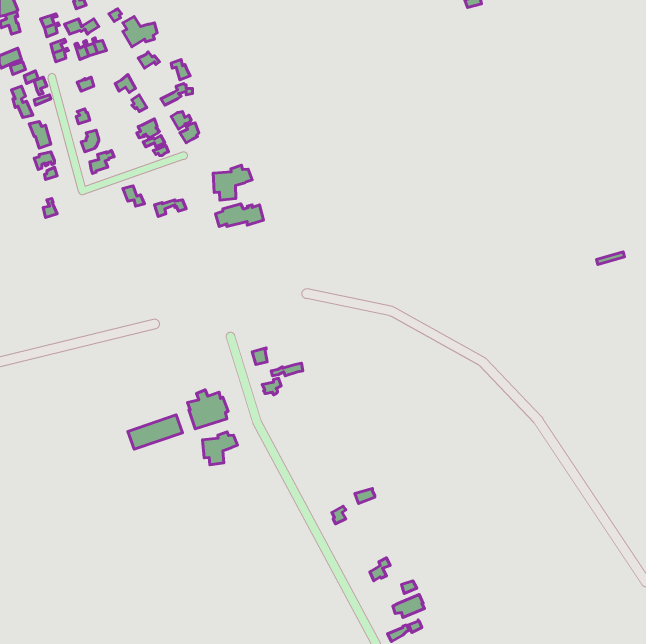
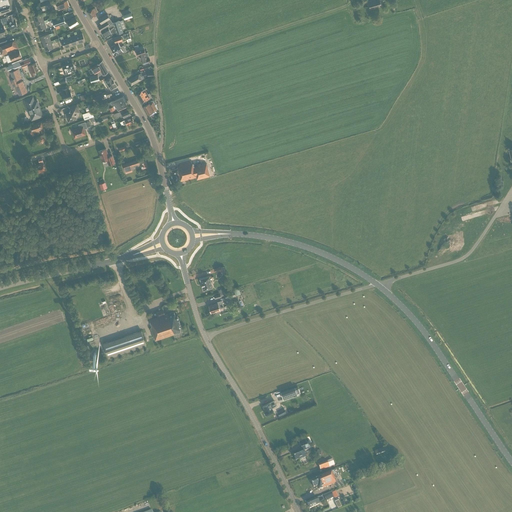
building: [213,165,252,200] -> none
building: [202,432,238,465] -> none

